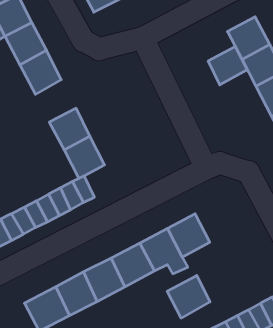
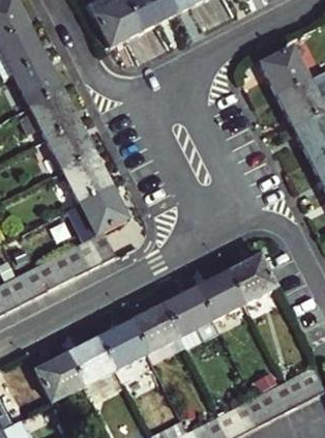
building: [208,46,247,85] -> none
building: none -> [48,121,93,169]
building: none -> [227,256,275,303]
building: [167,275,210,318] -> none

